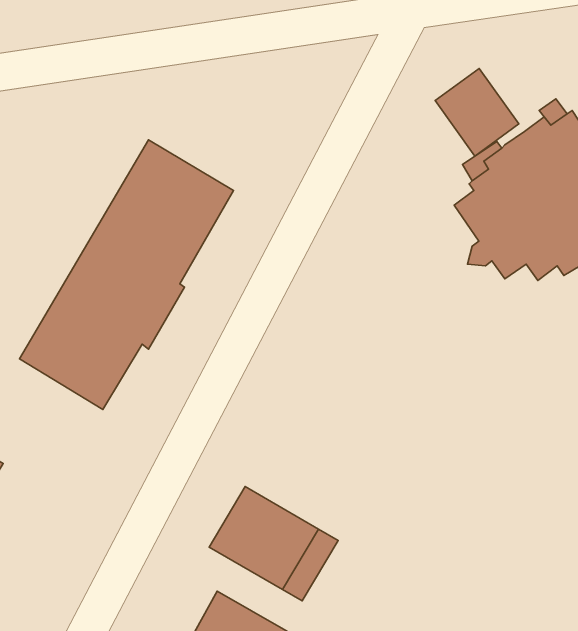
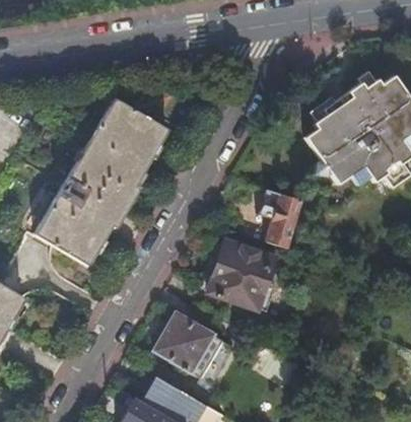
building: [435,68,519,156] -> none
building: none -> [257,189,300,249]
building: none -> [205,235,276,308]

